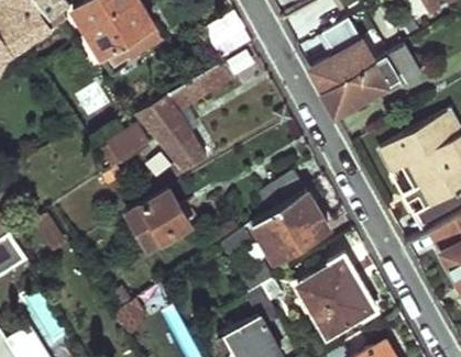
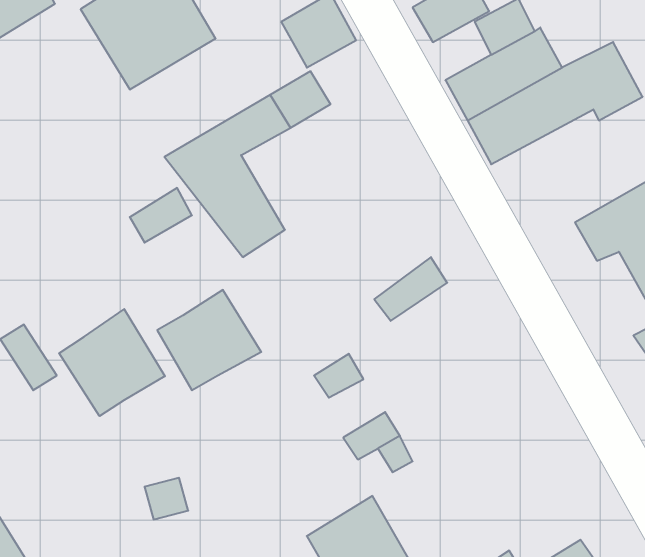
building: [253,190,328,258] -> none
building: none -> [59,309,165,416]
building: [297,257,369,335] -> none

